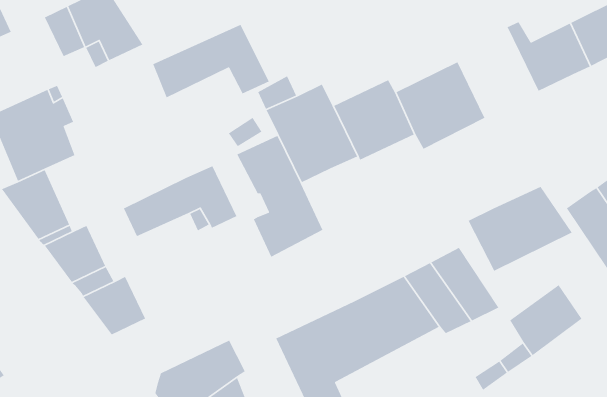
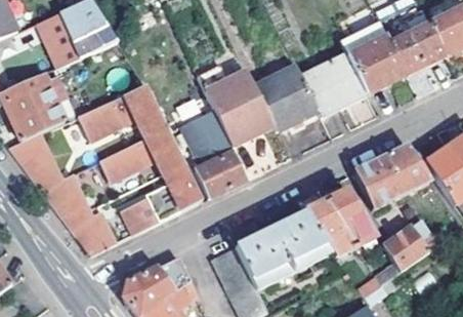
building: none -> [340,22,406,94]
building: [152,24,270,99] -> [78,86,165,142]
building: none -> [119,167,200,235]

